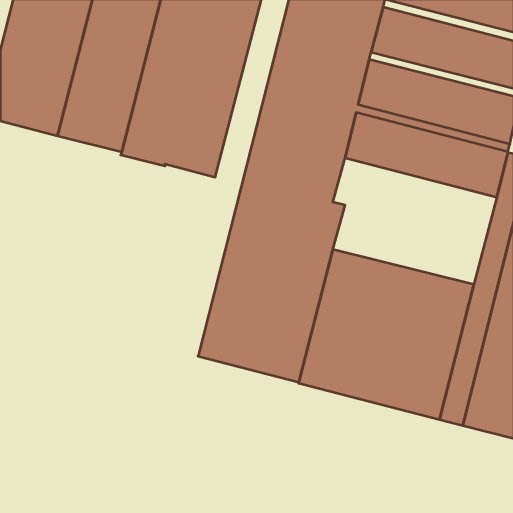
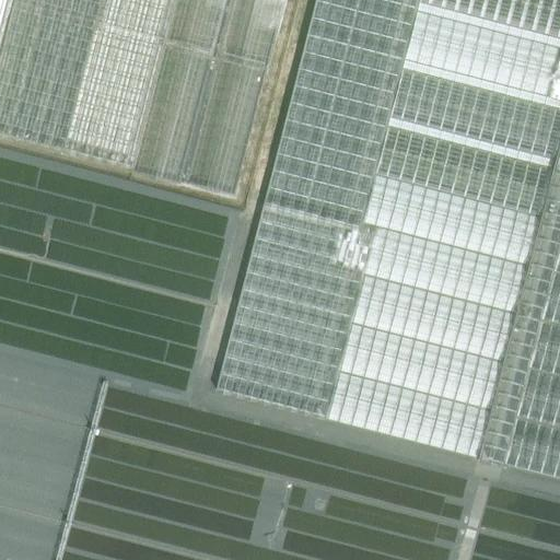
building: none -> [363,172,541,310]

